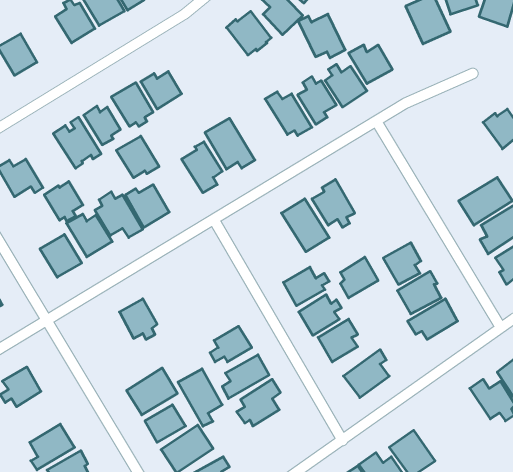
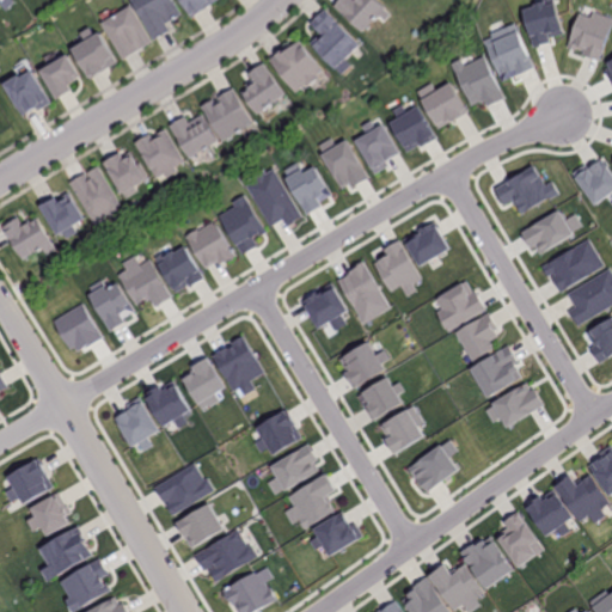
building: [298,14,345,58] -> [448,55,503,106]
building: none -> [39,56,78,99]
building: none -> [241,65,284,115]
building: none -> [201,86,252,140]
building: none -> [281,160,331,215]
building: none -> [492,164,557,214]
building: [116,136,159,178] -> [184,220,234,269]
building: none -> [522,208,585,256]
building: none -> [402,218,452,267]
building: [44,181,83,221] -> [38,190,84,237]
building: none -> [300,280,350,330]
building: [340,257,378,298] -> [437,281,482,329]
building: none -> [209,333,267,396]
building: none -> [178,359,222,412]
building: none -> [112,396,158,451]
building: [178,369,222,426] -> none
building: none -> [524,484,575,536]
building: none -> [25,494,73,537]
building: none -> [308,508,357,555]
building: none -> [498,509,545,568]

